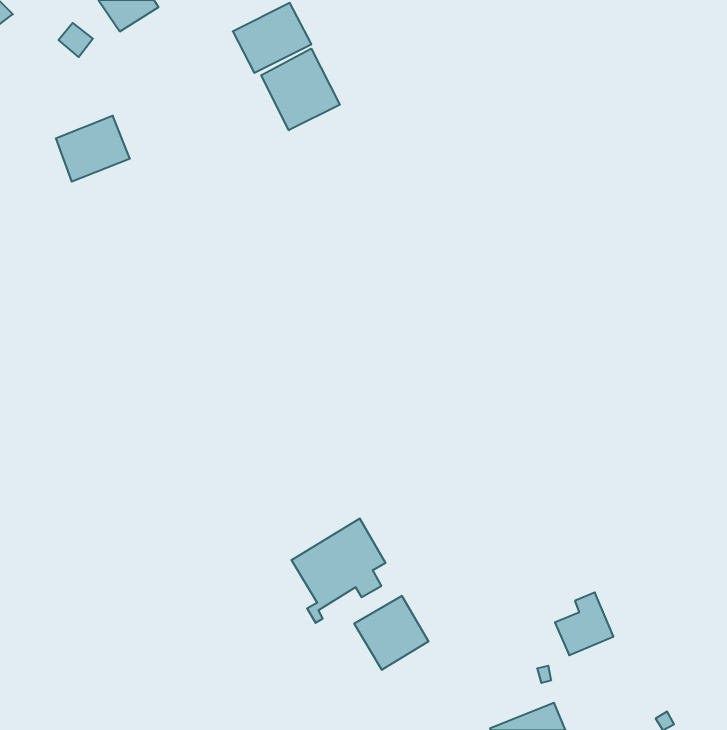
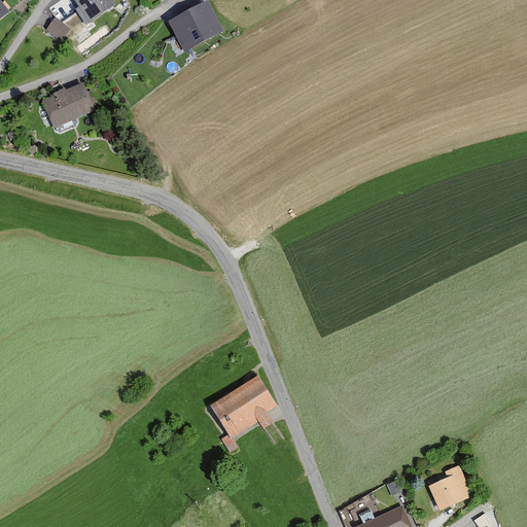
building: [261,49,340,130] -> none
building: [555,592,613,655] -> [428,463,470,508]
building: [354,596,428,670] -> none

